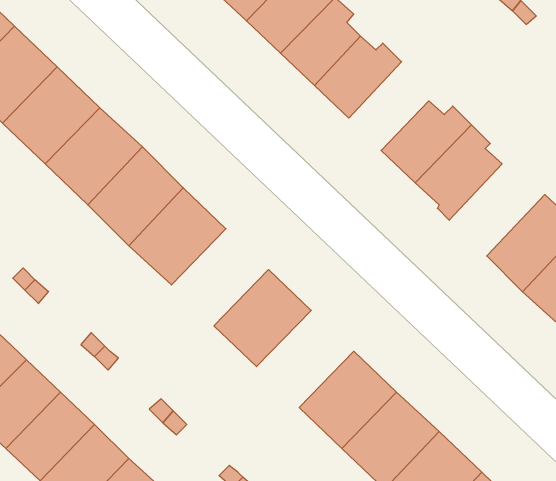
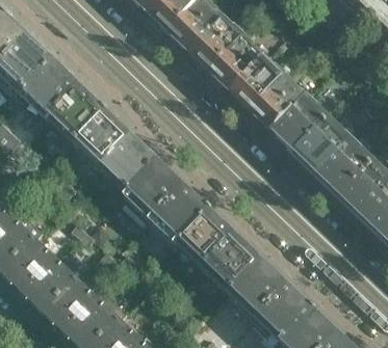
building: none -> [239,62,288,116]
building: none -> [301,125,359,181]
building: none -> [131,164,190,223]
building: none -> [183,214,242,273]

